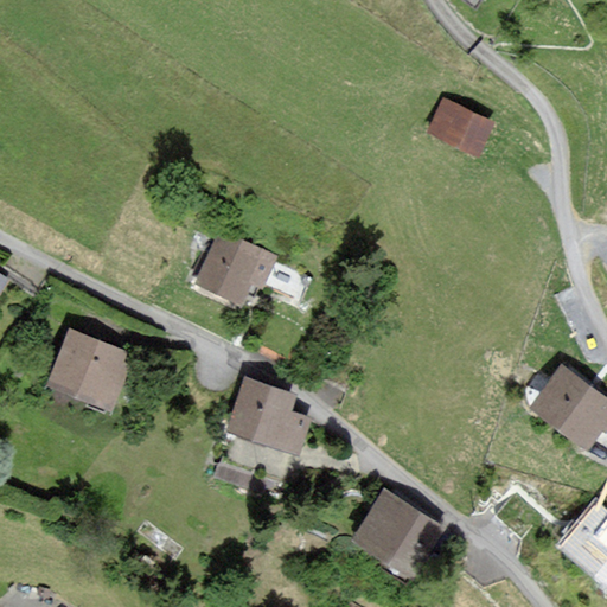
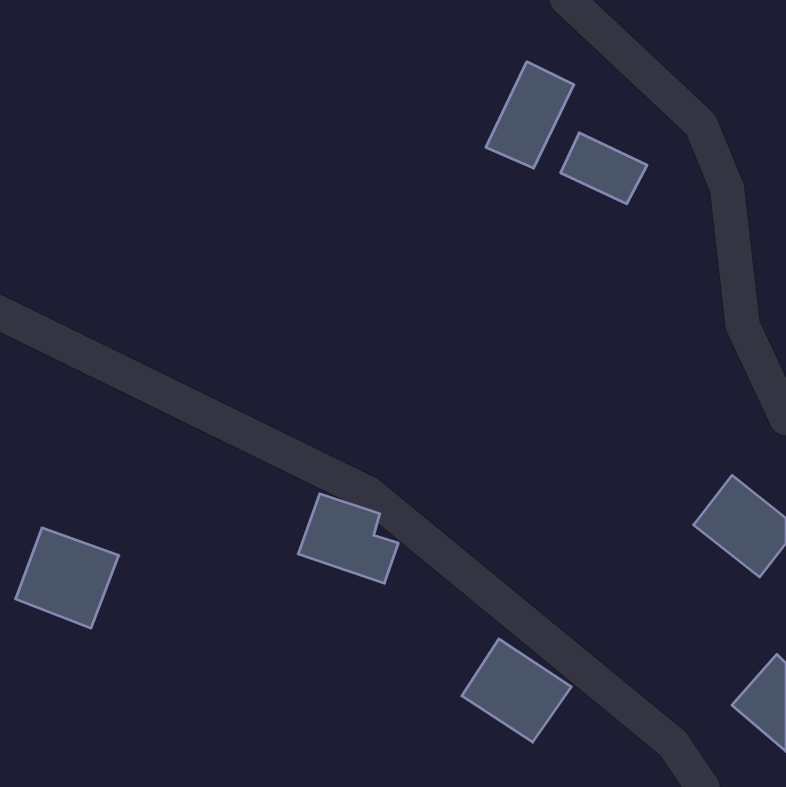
building: none -> [486,62,574,168]
building: [197,231,275,309] -> none
building: [47,330,127,407] -> [15,528,119,628]

